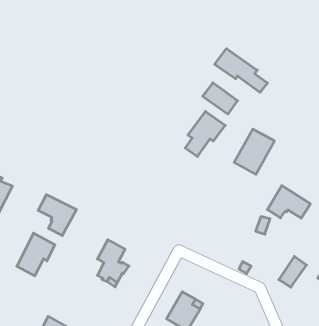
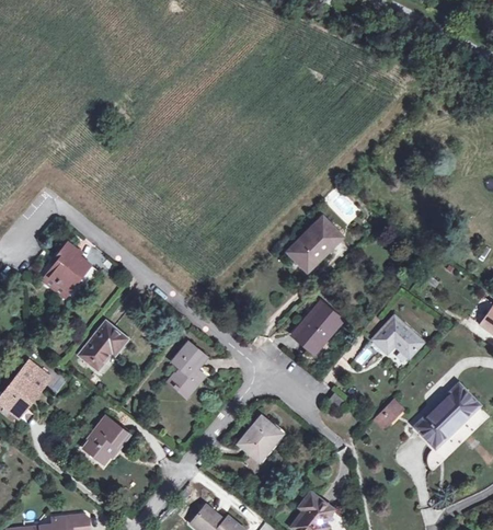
building: [215,49,267,92] -> none
building: [234,129,274,174] -> [293,301,342,353]
building: [38,195,76,236] -> none

